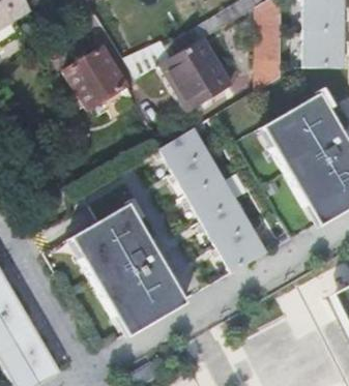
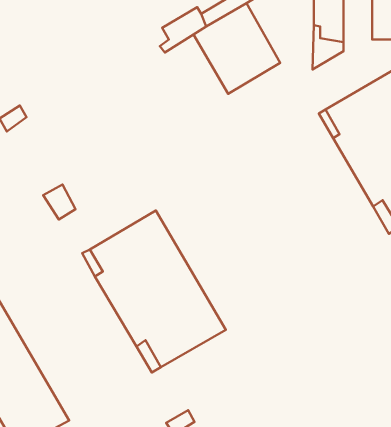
building: [63,47,134,117] -> none
building: [162,126,268,271] -> none

